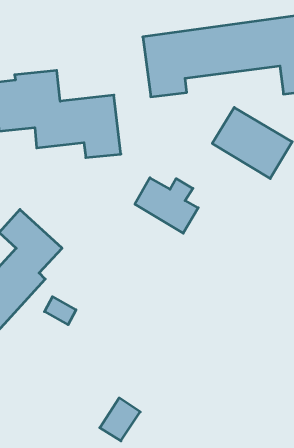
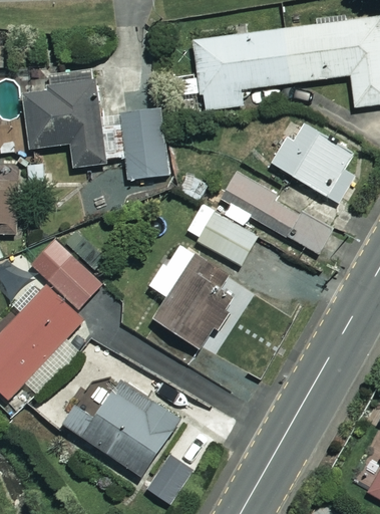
building: none -> [223,171,334,251]
building: none -> [149,243,233,349]
building: none -> [62,380,179,477]

